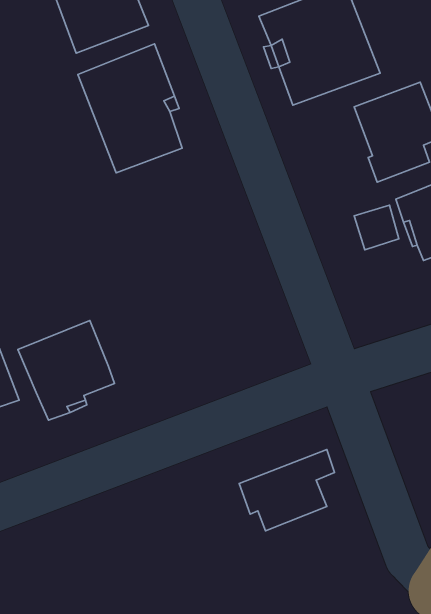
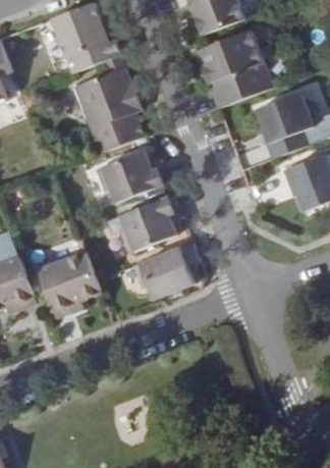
building: none -> [99,149,169,201]
building: none -> [122,194,179,251]
building: [239,450,335,531] -> [134,243,198,297]

